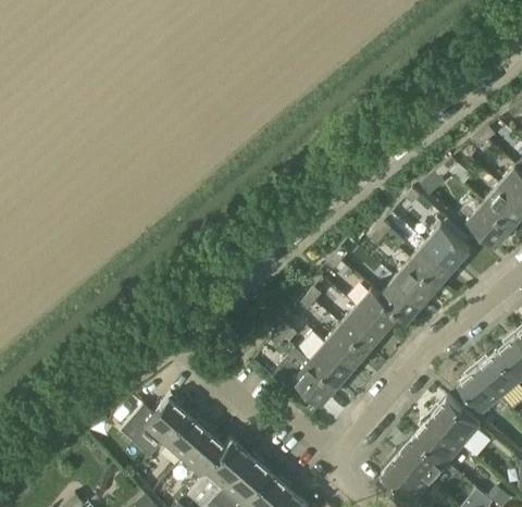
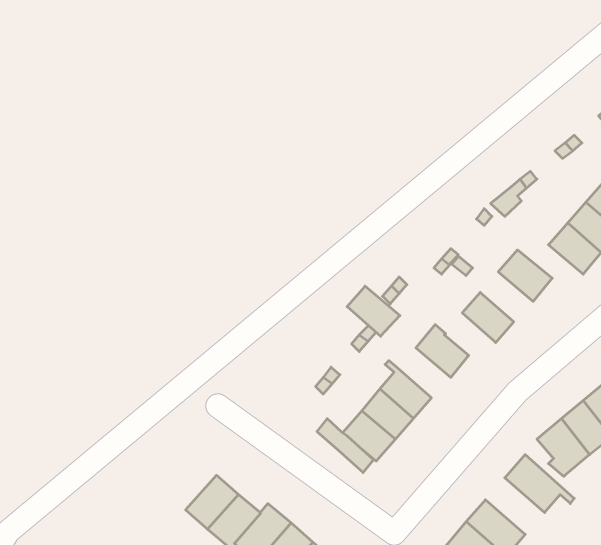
building: [411,243,456,285] -> none
building: [381,277,424,321] -> none
building: [341,307,386,349] -> [347,286,400,336]
building: [121,397,188,444] -> none
building: [415,417,465,465] -> none

